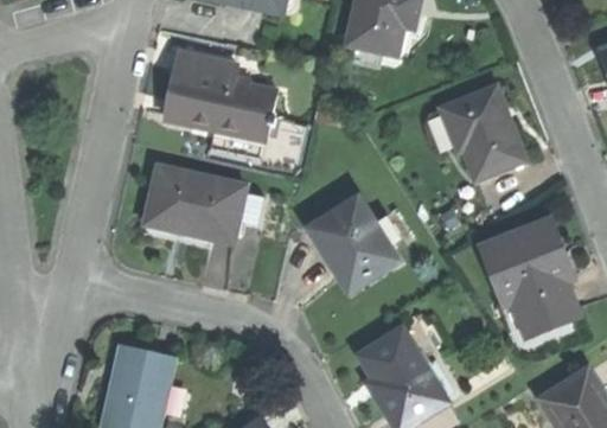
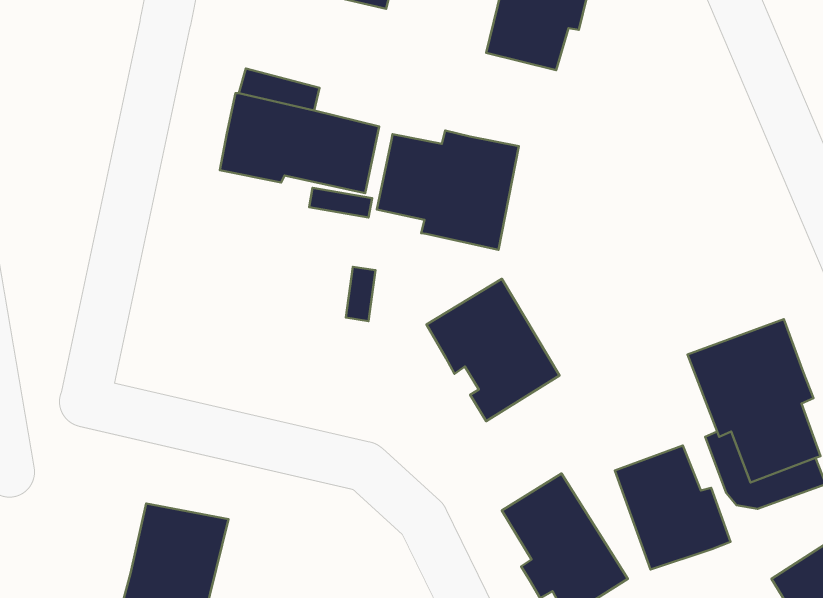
building: [442,87,523,175] -> none
building: none -> [377,131,519,250]
building: [146,167,245,244] -> none
building: none -> [615,446,730,570]

